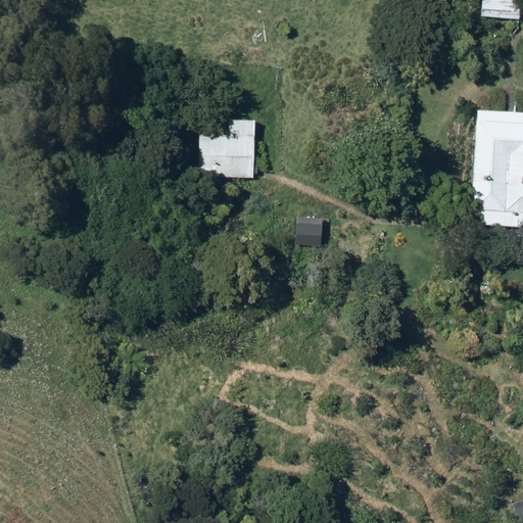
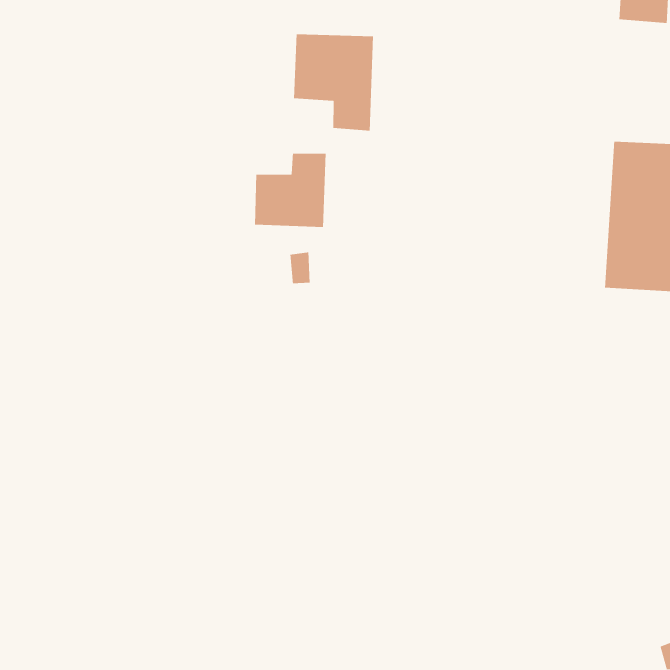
building: none -> [293,33,374,131]

